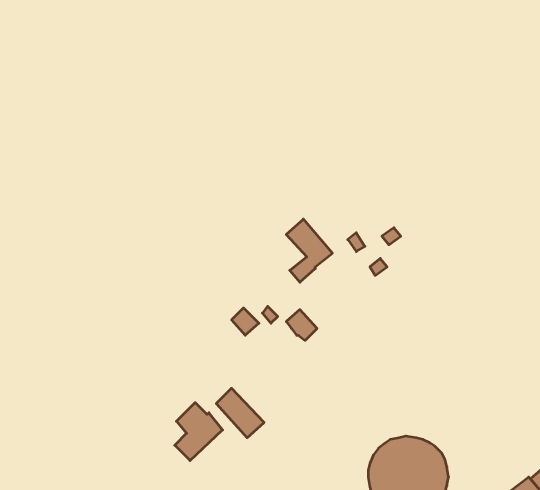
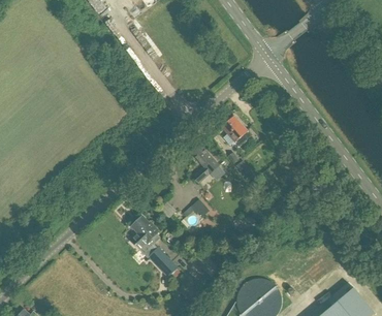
building: none -> [221,116,250,146]
building: [175,403,223,461] -> [129,215,158,250]

